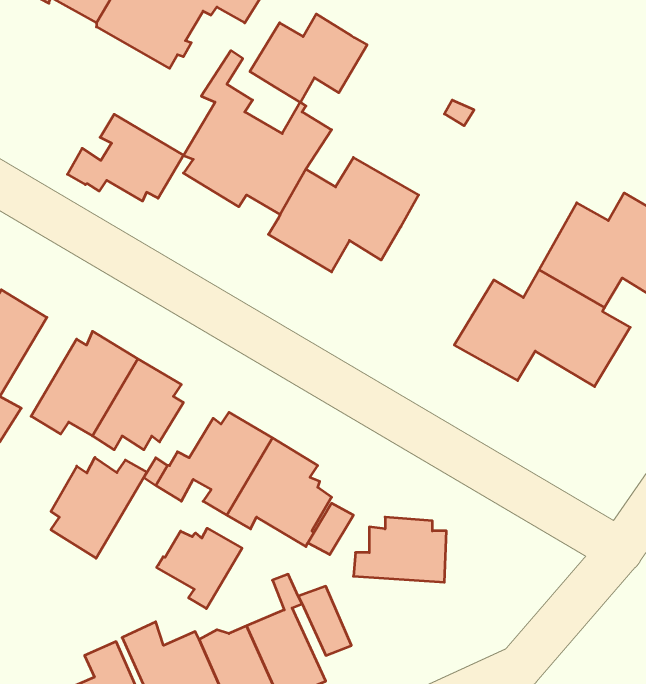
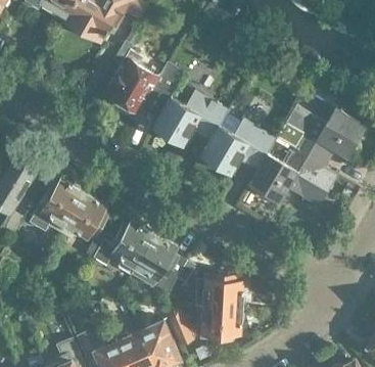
building: [250,14,367,102] -> none
building: [67,114,183,201] -> none
building: none -> [200,117,277,175]
building: [51,457,147,558] -> none
building: [157,528,242,609] -> none
building: none -> [194,305,242,340]

